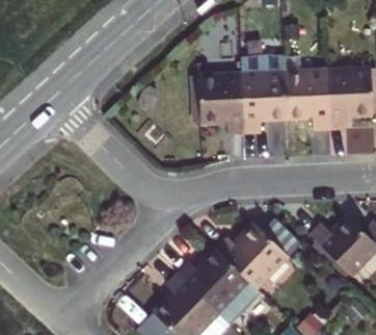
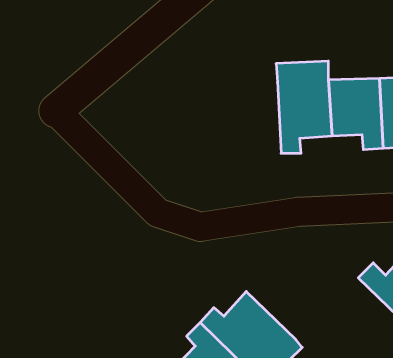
building: [196,73,244,133] -> none
building: [215,218,300,288] -> none

